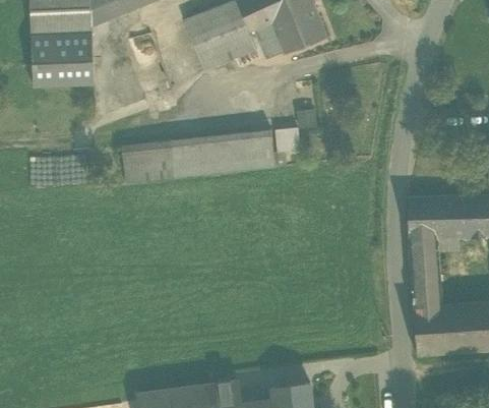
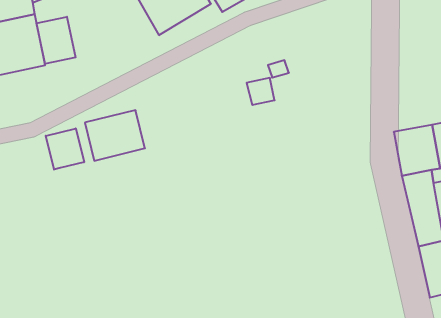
building: none -> [37,17,76,64]
building: [172,129,278,175] -> none
building: none -> [46,128,84,170]

